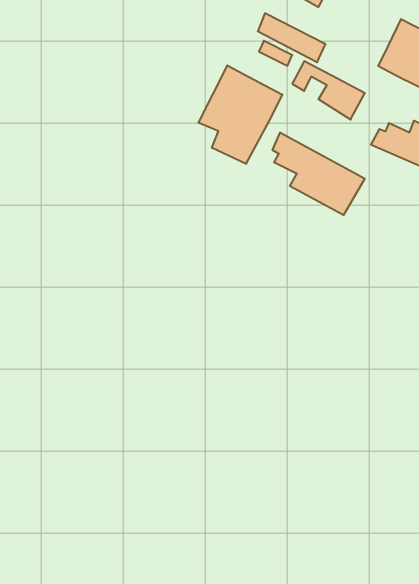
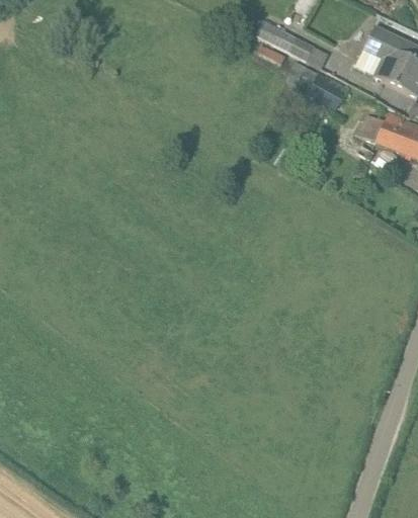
building: [198,65,282,164] -> none
building: [273,132,365,215] -> none

